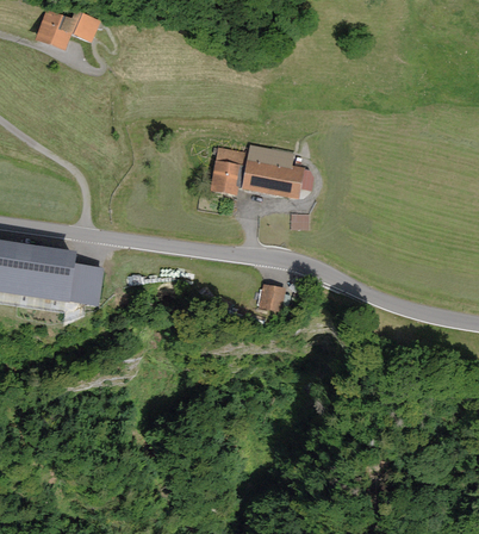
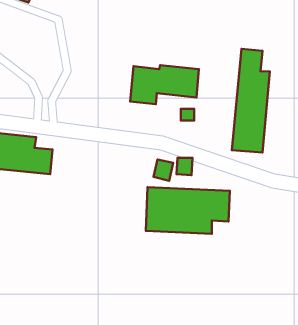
building: none -> [232,49,270,152]
building: none -> [146,187,230,234]

